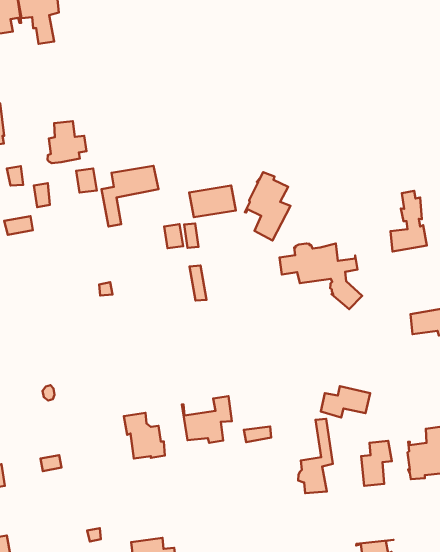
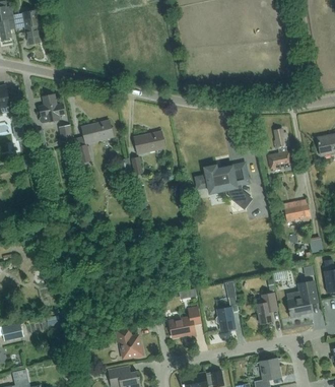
building: [245,172,290,241] -> none
building: [321,386,370,418] -> none
building: [182,396,232,443] -> [166,307,200,338]
building: [124,413,165,458] -> [114,328,142,359]

